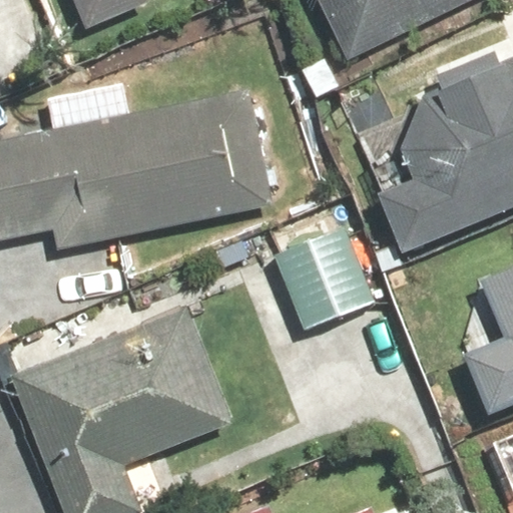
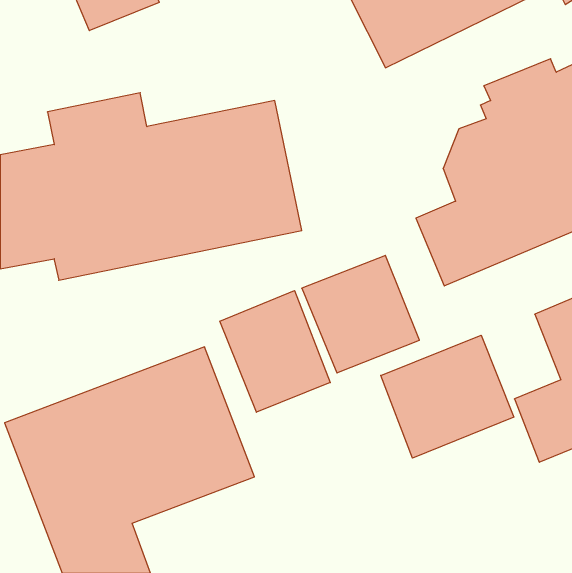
building: none -> [220,291,330,412]
building: none -> [381,335,514,458]

